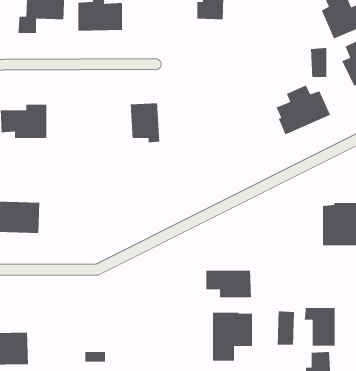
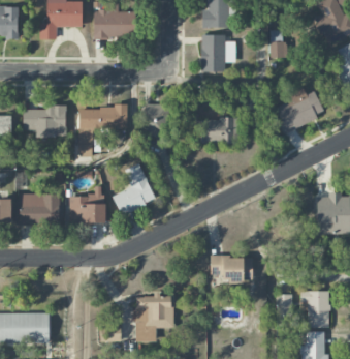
building: none -> [201,33,235,71]
building: [310,47,327,78] -> [269,29,285,57]
building: none -> [79,107,128,155]
building: none -> [193,118,235,143]
building: none -> [113,162,156,215]
building: none -> [69,185,105,222]
building: [212,312,253,361] -> [135,295,172,340]

